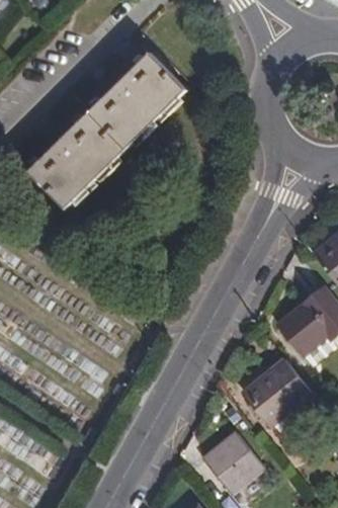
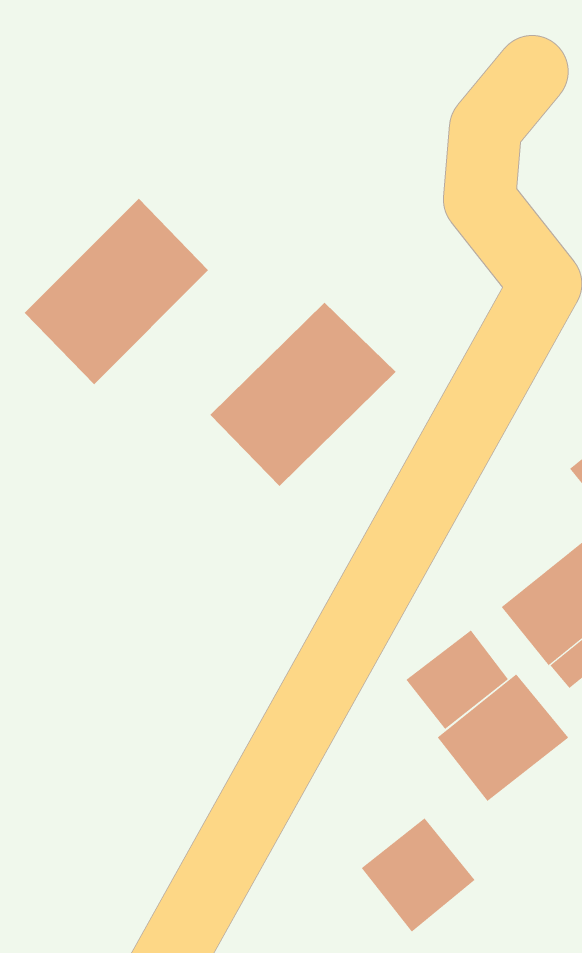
building: [89,53,186,149] -> [210,302,396,487]
building: none -> [406,630,509,730]

